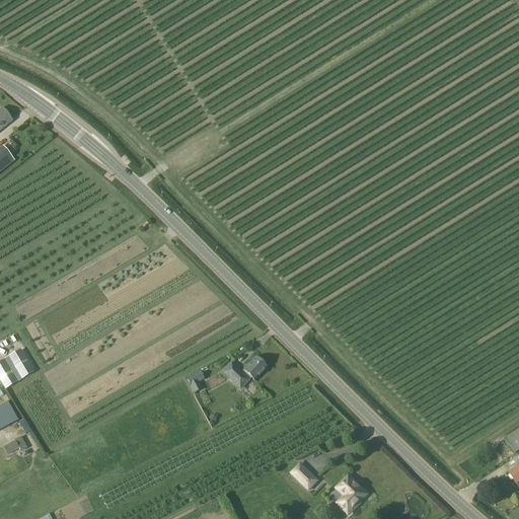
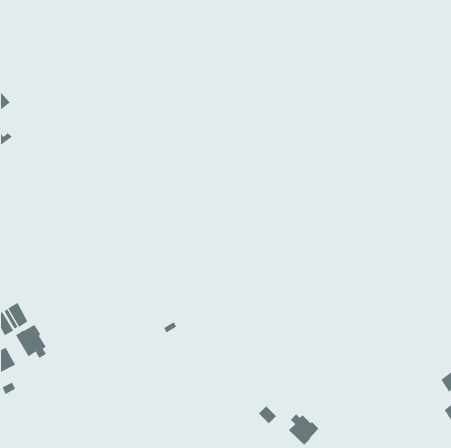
building: [221,355,268,387] -> none
building: none -> [15,324,47,359]

